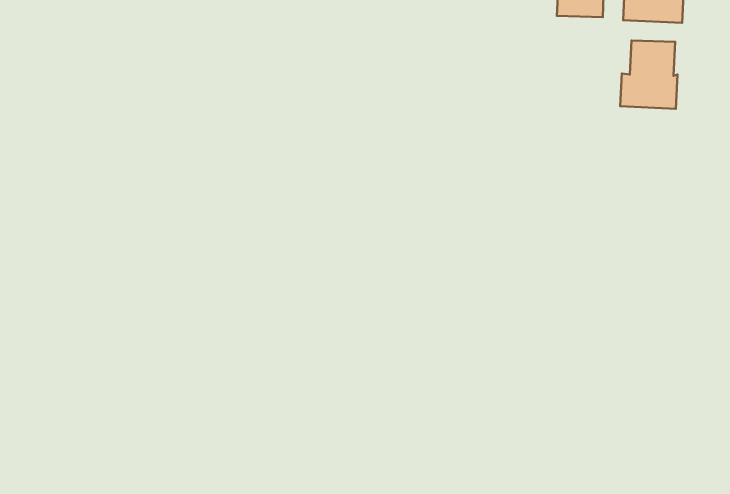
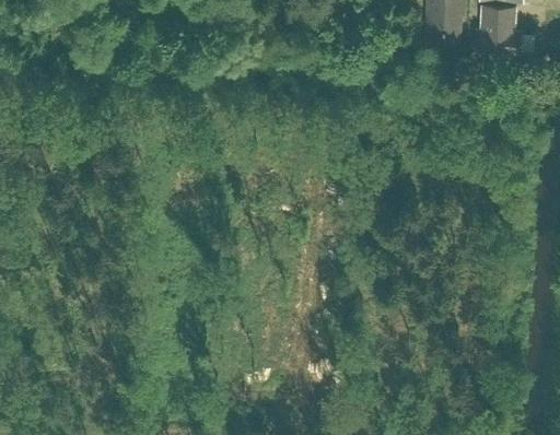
building: [620,40,678,109] -> none

